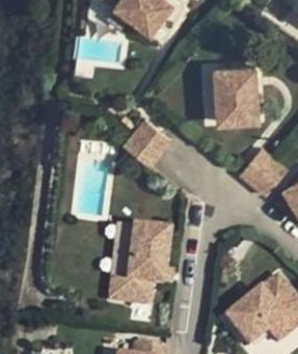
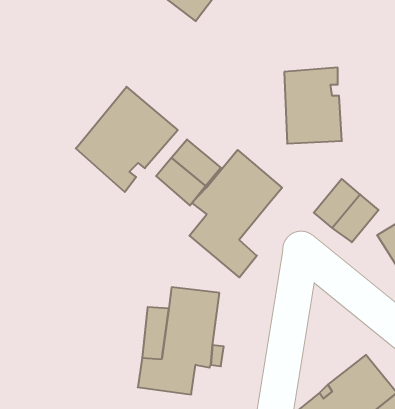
building: none -> [76,87,178,192]
building: none -> [189,150,282,277]

